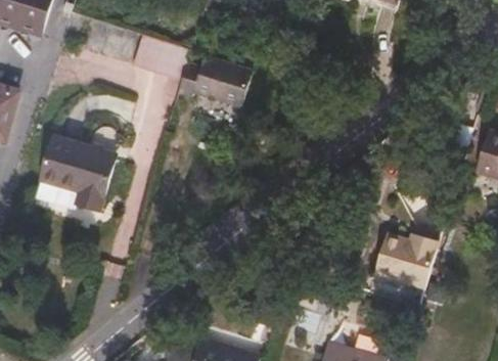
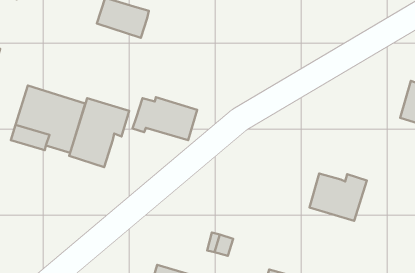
building: [177,56,251,105] -> [133,97,197,140]
building: none -> [69,98,129,167]

